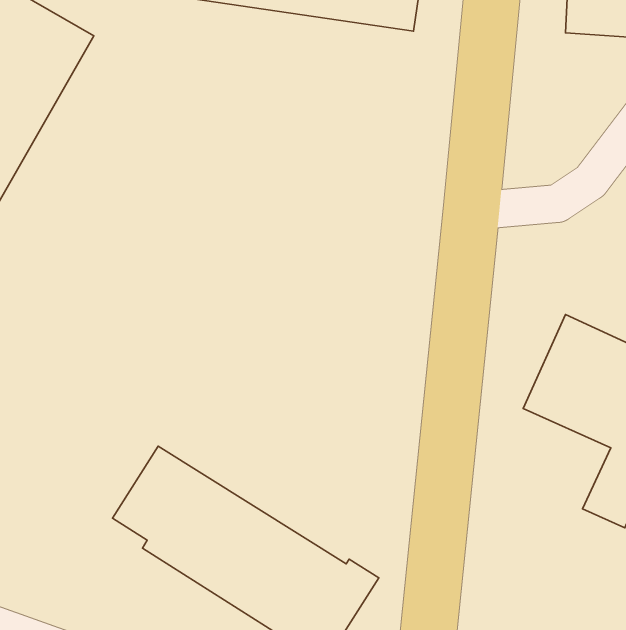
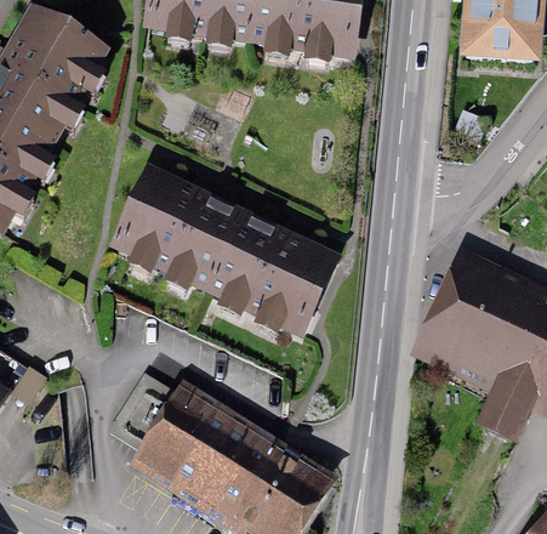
building: none -> [119,176,334,333]

